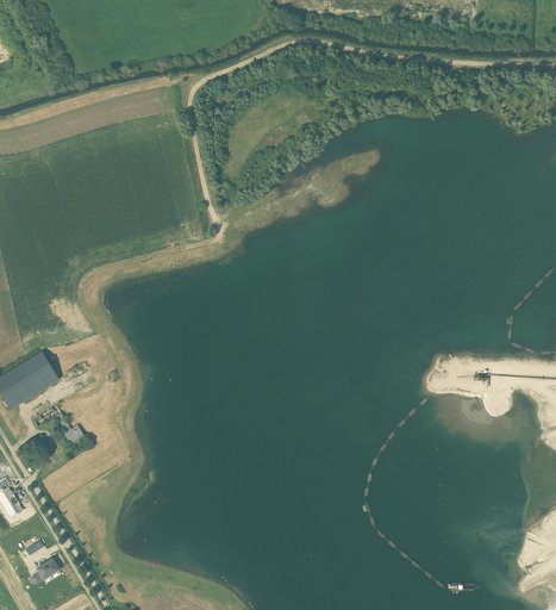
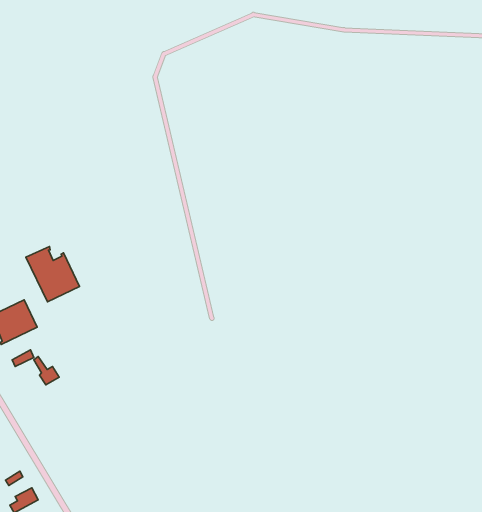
building: none -> [26,246,80,302]

